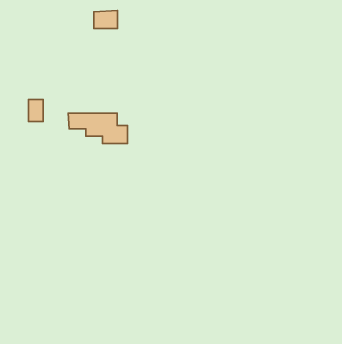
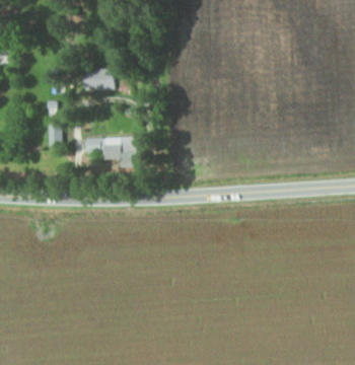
building: [94,11,118,28] -> [83,69,106,86]

